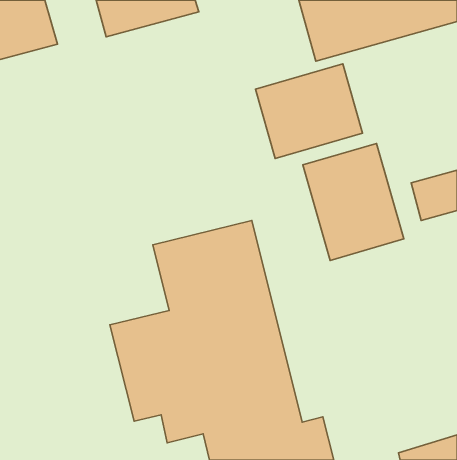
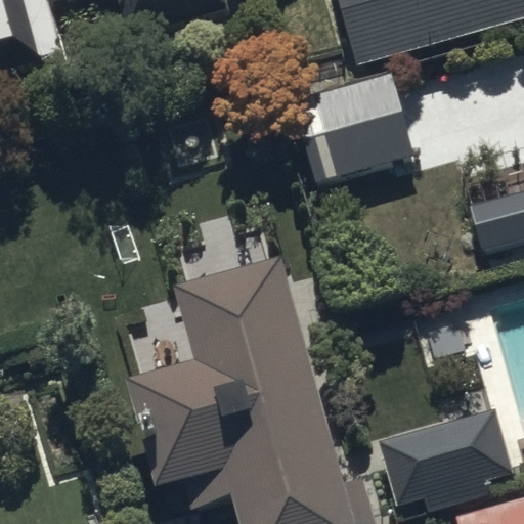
building: [303,143,404,260] -> none
building: none -> [377,411,512,515]

